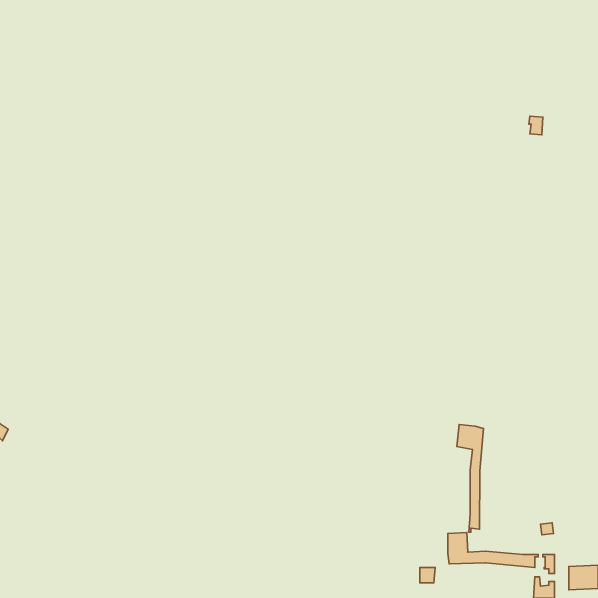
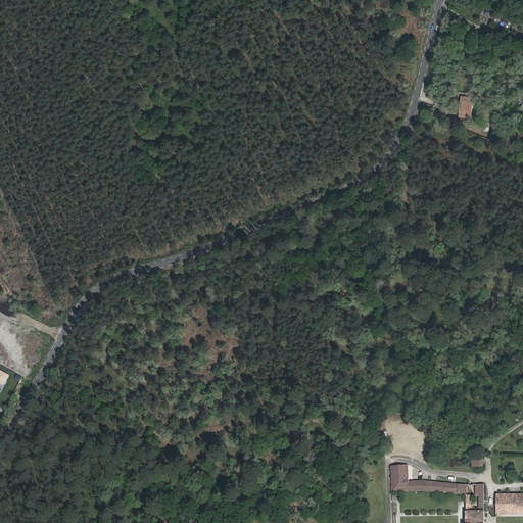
building: [457,425,484,532] -> none

